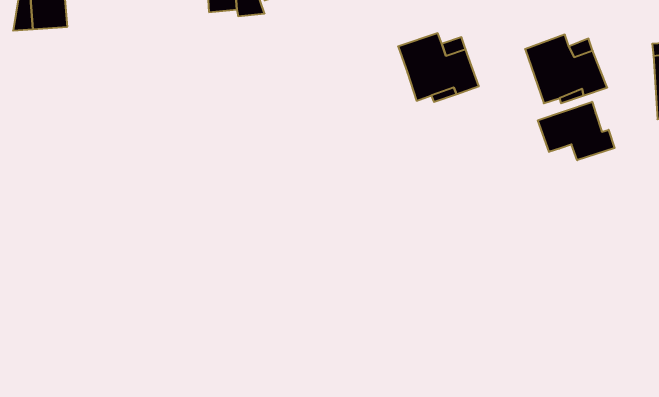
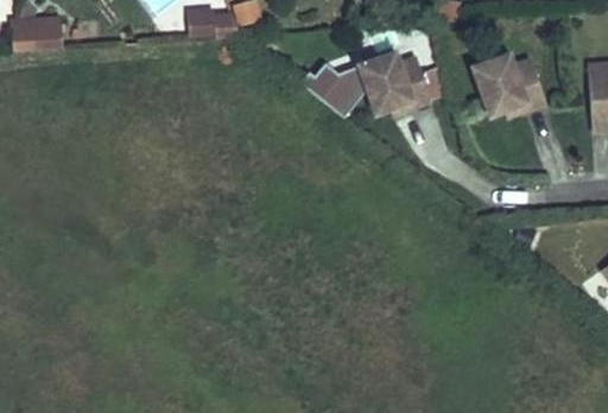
building: none -> [299,61,367,116]
building: [538,102,615,160] -> none

